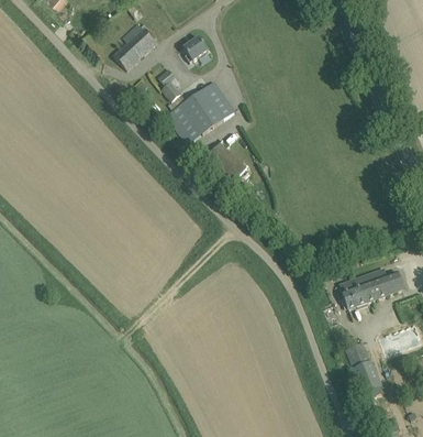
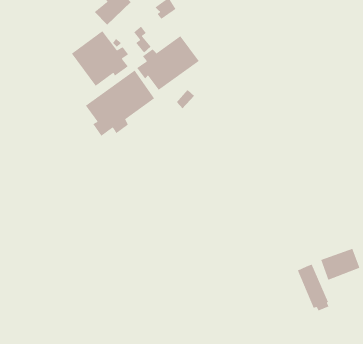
building: none -> [71,30,129,87]
building: none -> [85,69,155,137]
building: [338,269,403,309] -> none

